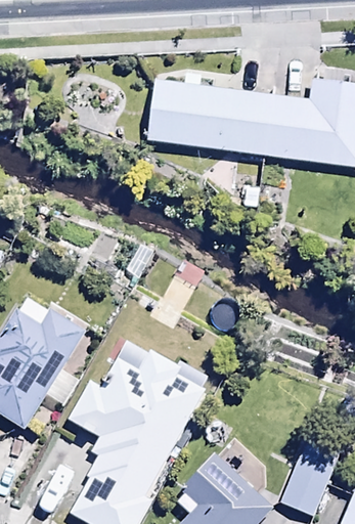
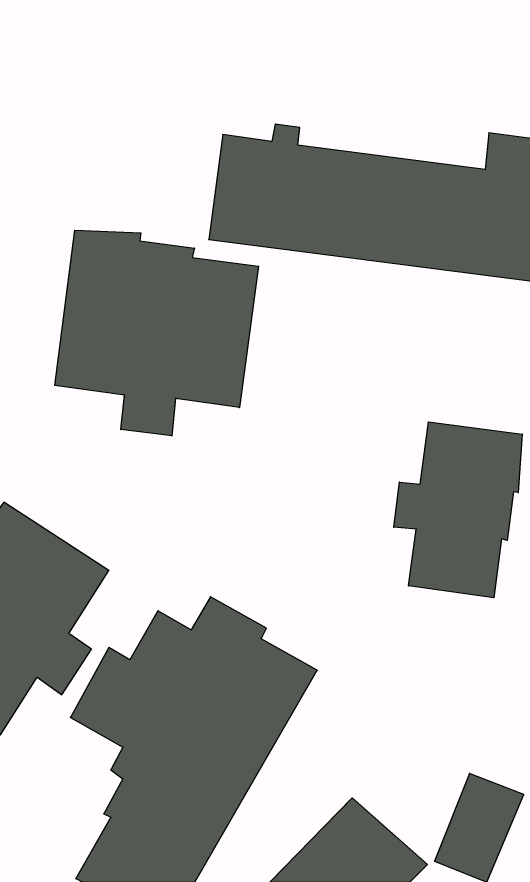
building: none -> [55,230,259,436]
building: none -> [394,422,522,598]

